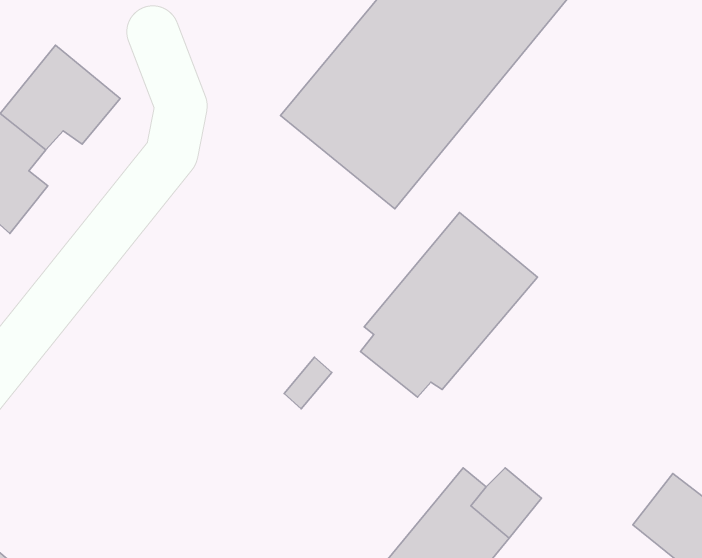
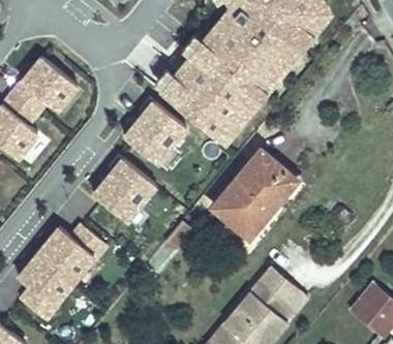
building: none -> [124,96,187,164]
building: none -> [95,155,157,222]
building: none -> [21,225,108,320]

